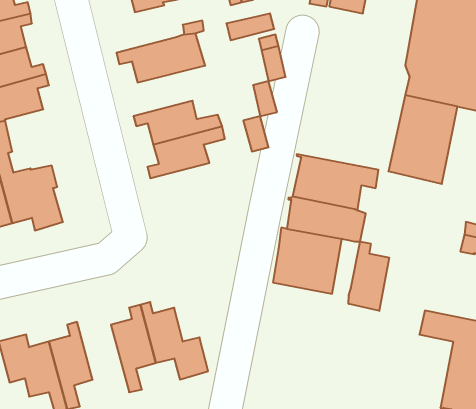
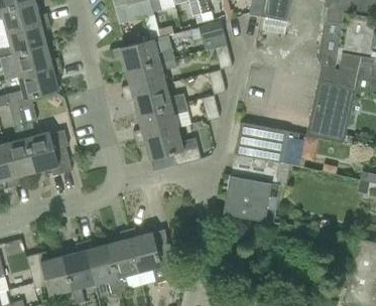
building: none -> [121,58,176,95]
building: none -> [135,128,201,165]
building: [349,242,389,311] -> none
building: none -> [83,240,120,295]

